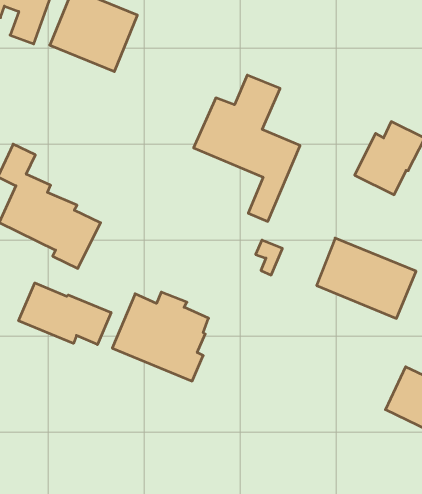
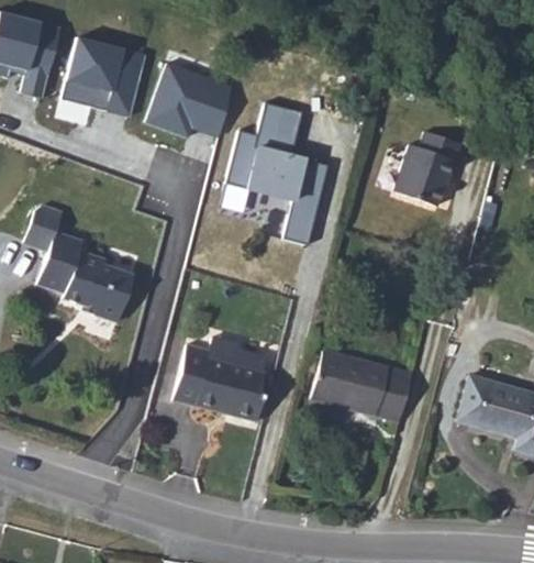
building: none -> [144,59,237,140]
building: [317,238,416,318] -> [314,345,413,418]
building: [19,283,111,345] -> none

